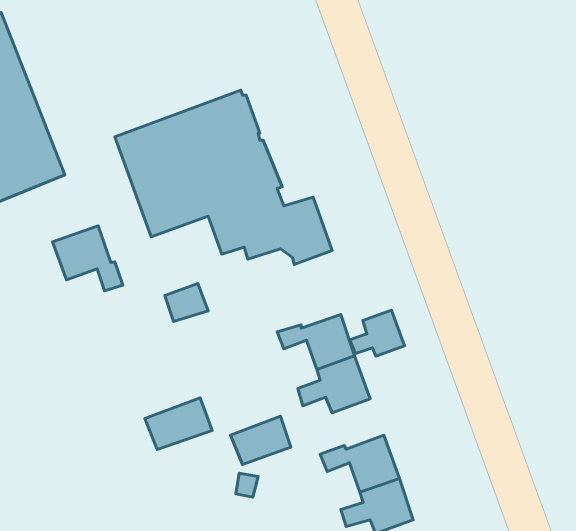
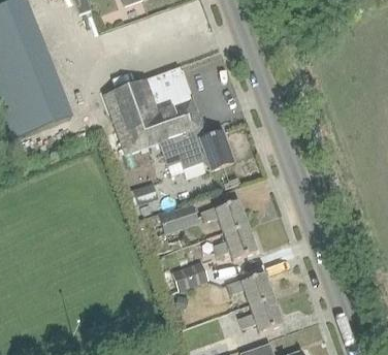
building: [53,226,123,291] -> none
building: [350,310,404,356] -> none
building: [145,398,212,450] -> [159,202,199,233]

